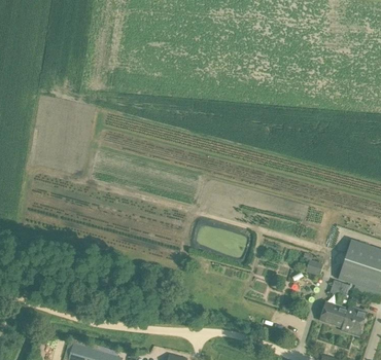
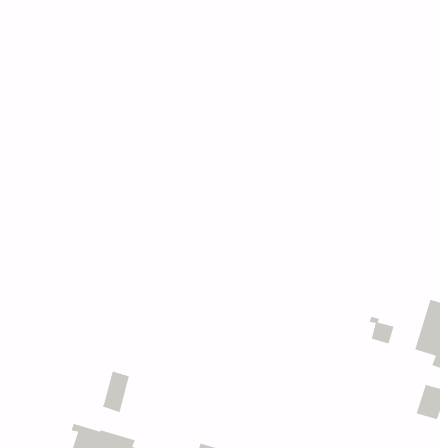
building: [318,280,349,327] -> none
building: none -> [102,370,130,413]

